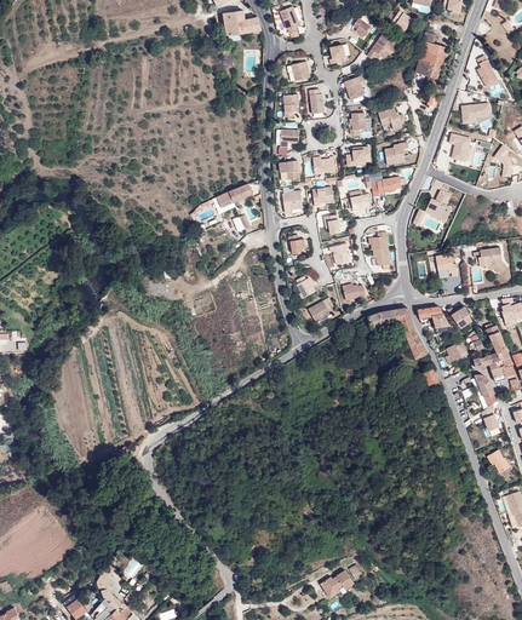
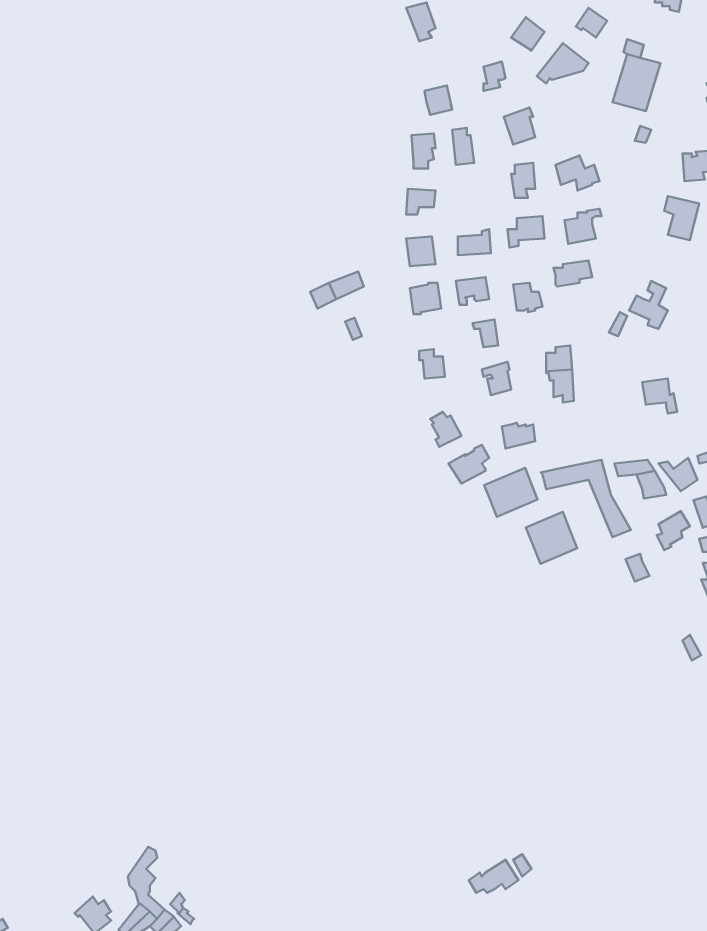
building: [223,11,262,36] -> none
building: none -> [484,468,537,517]
building: none -> [526,512,577,564]

